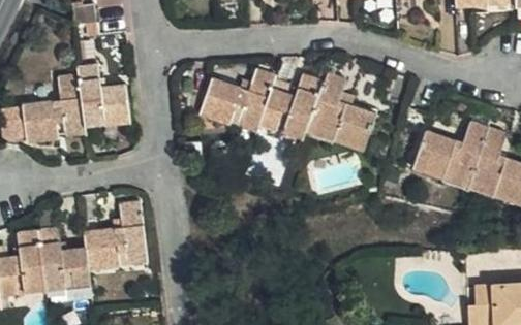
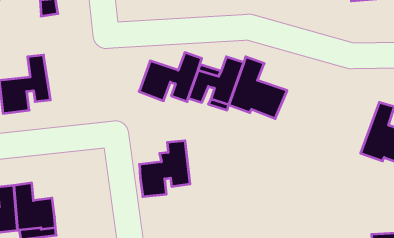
building: [79,60,134,122] -> none
building: [413,122,490,191] -> none
building: [89,200,151,268] -> [139,141,190,197]

